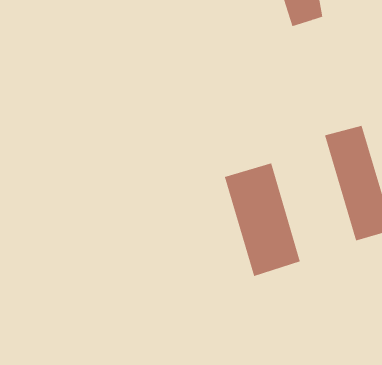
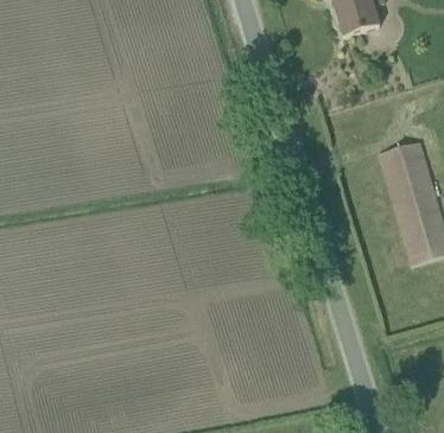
building: [224,163,300,277] -> none

